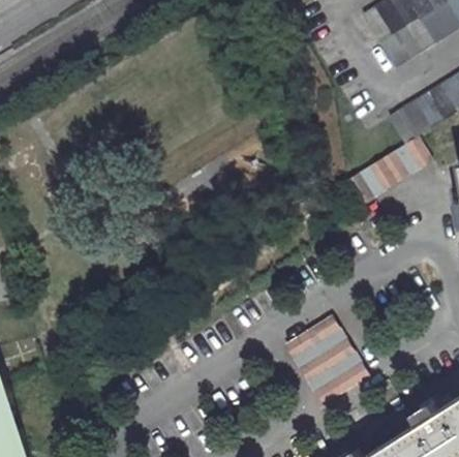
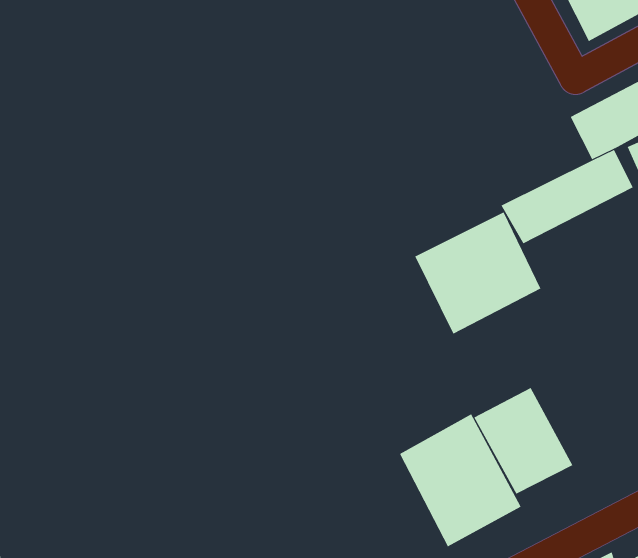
building: none -> [415,212,541,335]
building: none -> [474,387,573,495]

